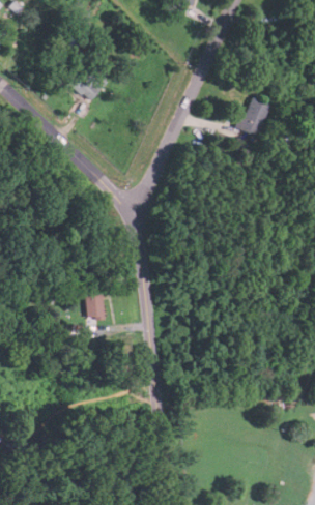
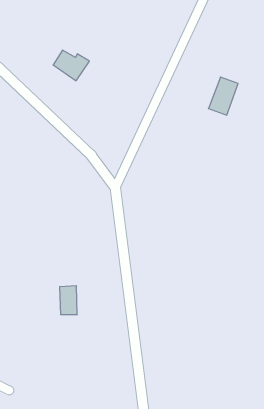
building: [86,287,106,319] -> [60,286,77,315]

